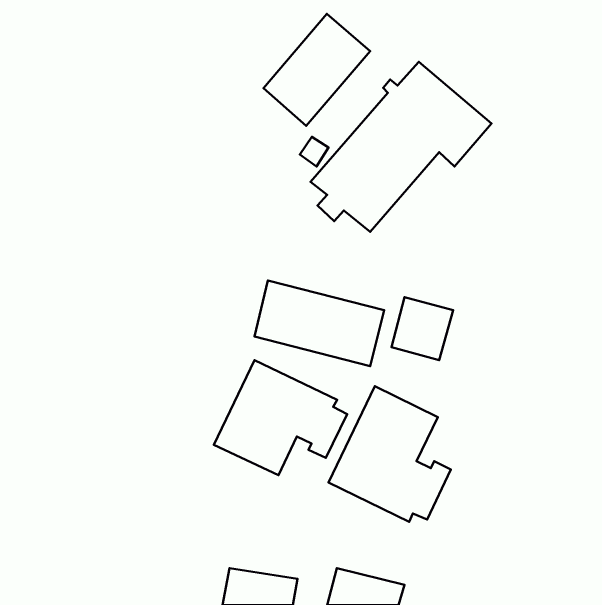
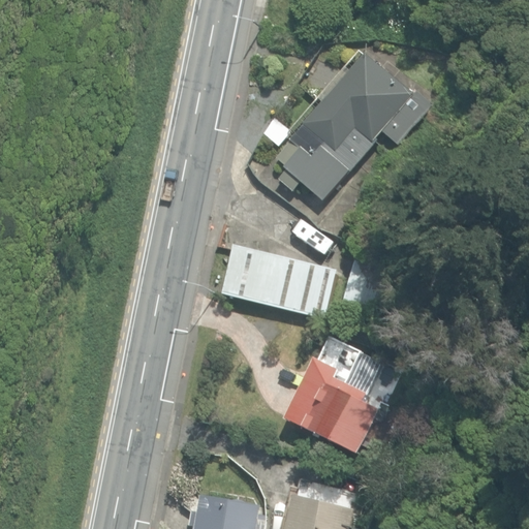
building: [263,14,370,126] -> none
building: [214,360,347,475] -> none

